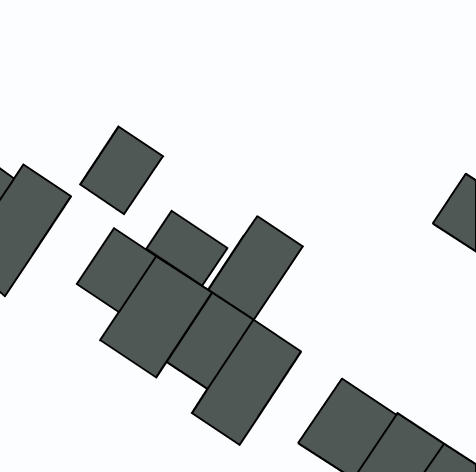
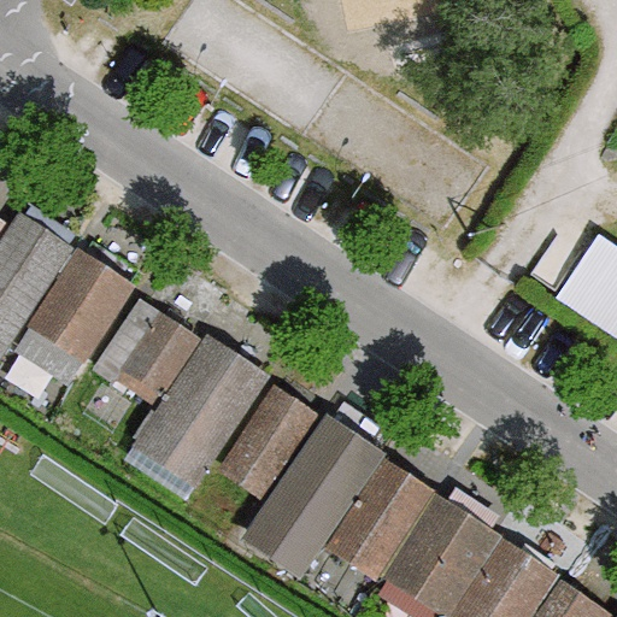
building: [80,126,163,214] -> [42,260,149,374]
building: [146,211,227,286] -> none
building: [208,216,303,320] -> none
building: none -> [333,460,441,578]

